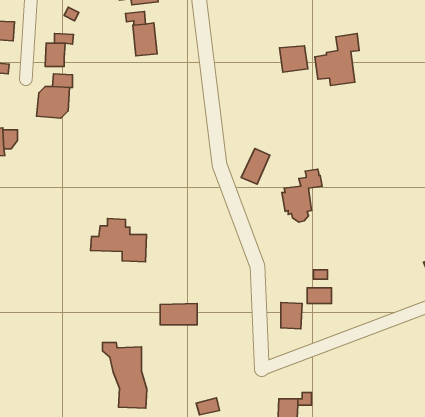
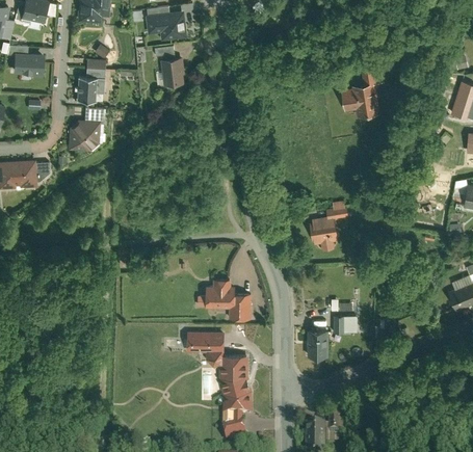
building: [280,46,308,72] -> none
building: [241,149,270,184] -> none
building: [91,219,147,262] -> [196,278,252,321]
building: [102,342,147,408] -> [210,353,254,418]

